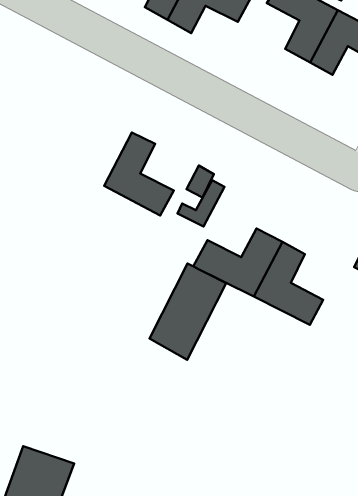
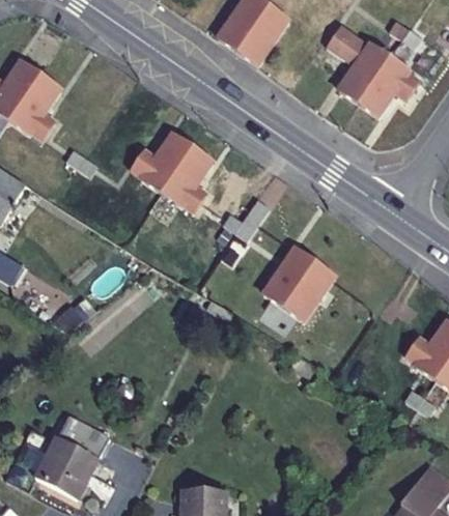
building: none -> [113,134,193,193]
building: [149,264,226,360] -> none

